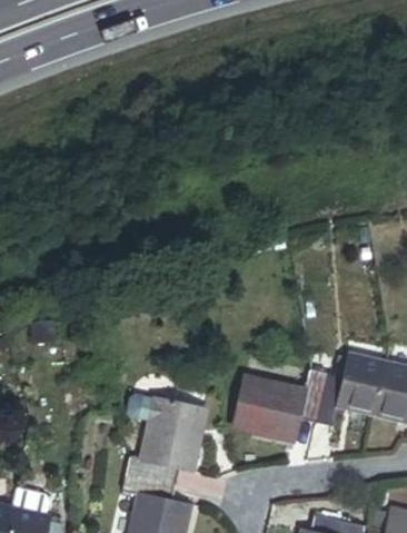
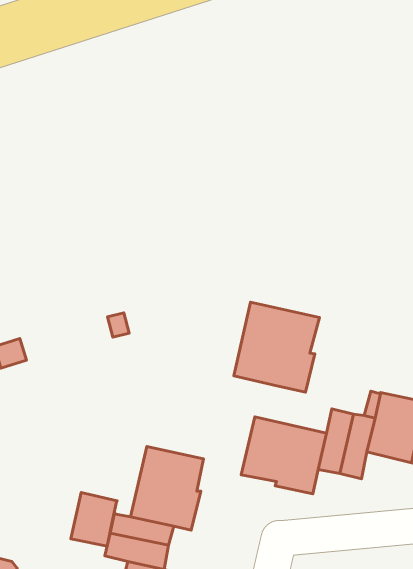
building: none -> [234,302,319,392]
building: none -> [71,492,117,546]

